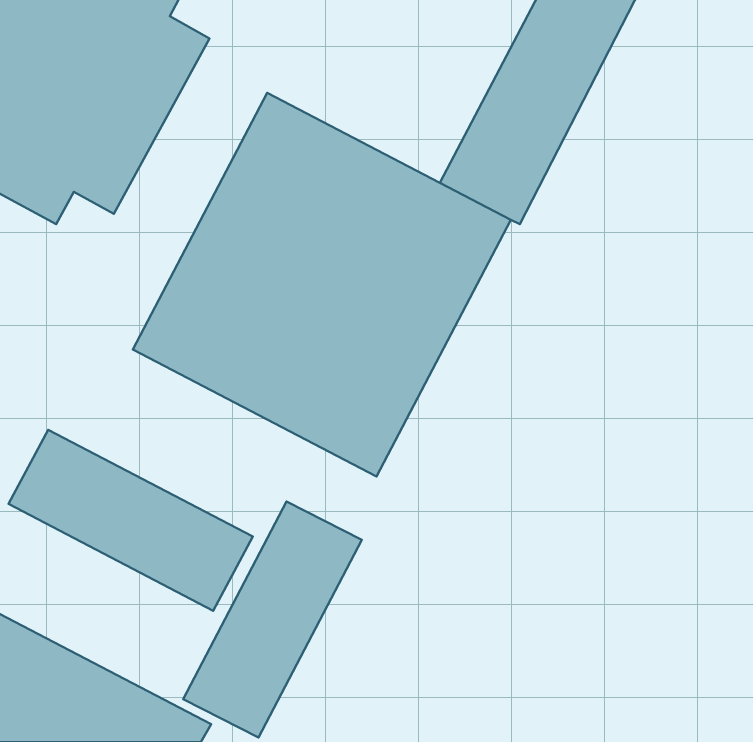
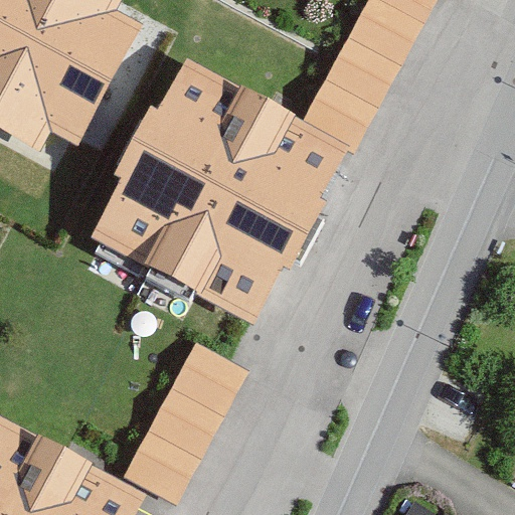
building: [9,430,253,611] -> none

